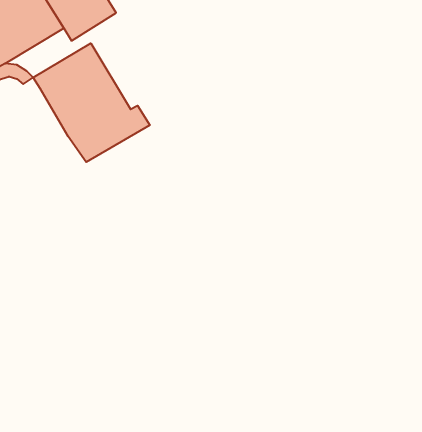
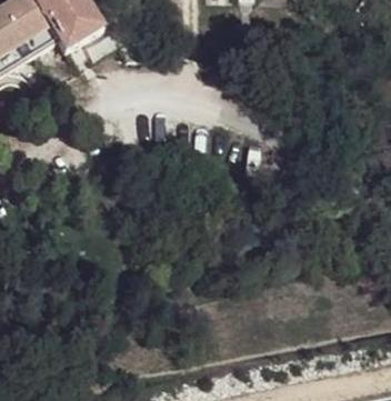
building: [33,43,150,162] -> none

